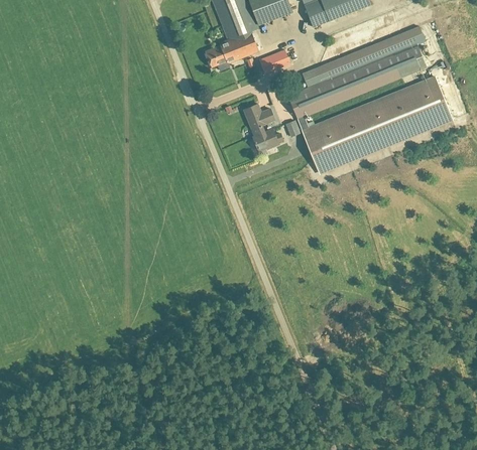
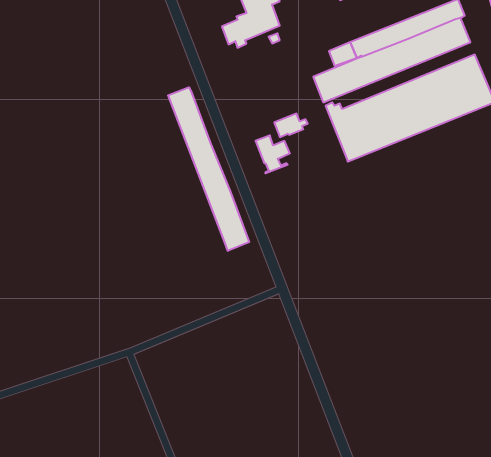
building: [258,49,288,73] -> none
building: [243,104,274,138] -> [255,135,290,173]
building: none -> [168,87,249,251]

